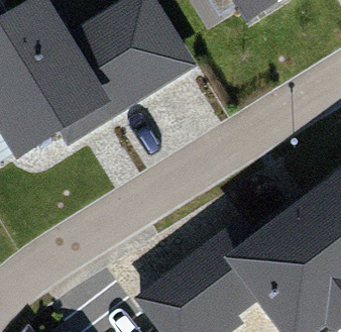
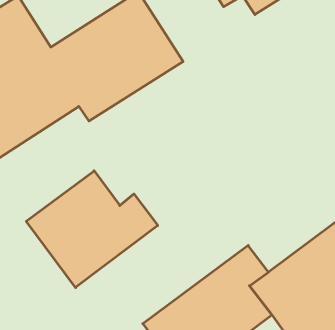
building: none -> [26,171,158,288]

